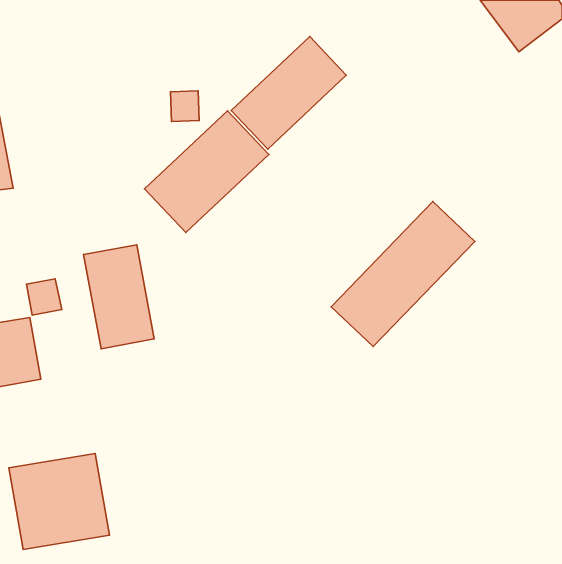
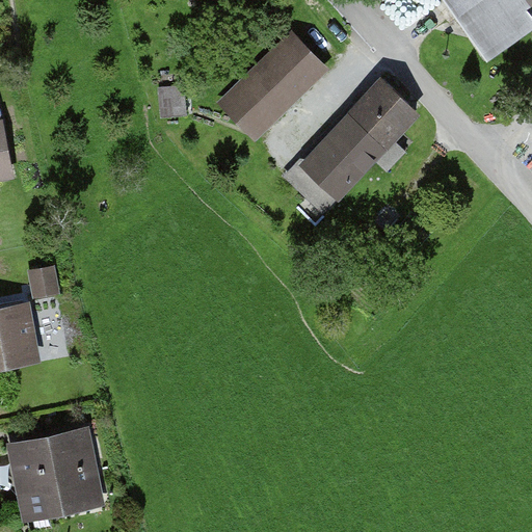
building: [145,111,269,232] -> none
building: [331,202,475,347] -> [284,80,419,216]
building: [84,245,154,349] -> none

